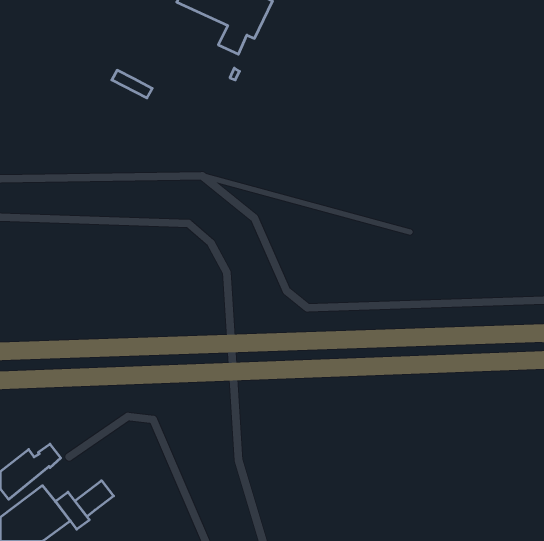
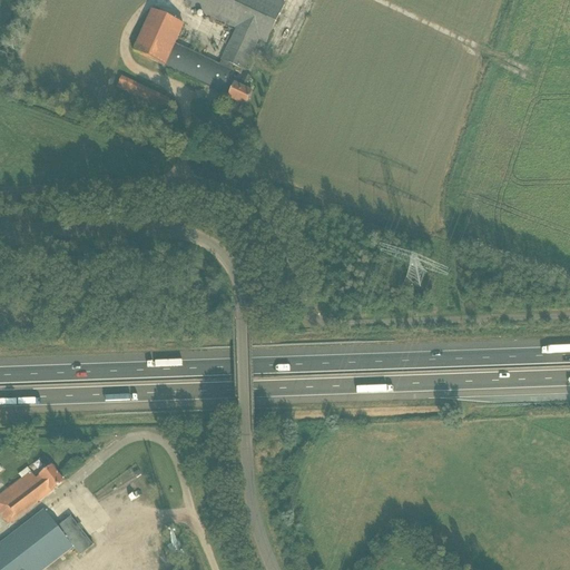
building: none -> [134,8,253,104]
building: [75,481,114,516] -> none

